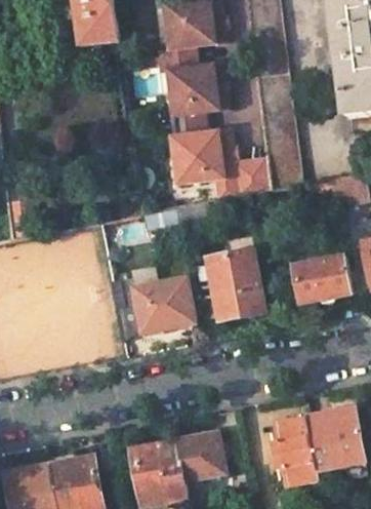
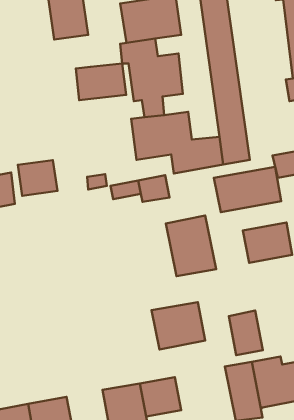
building: none -> [76,63,126,100]
building: none -> [18,160,57,196]
building: none -> [214,167,281,212]
building: [132,278,194,332] -> [151,302,205,349]
building: none -> [229,310,263,355]

